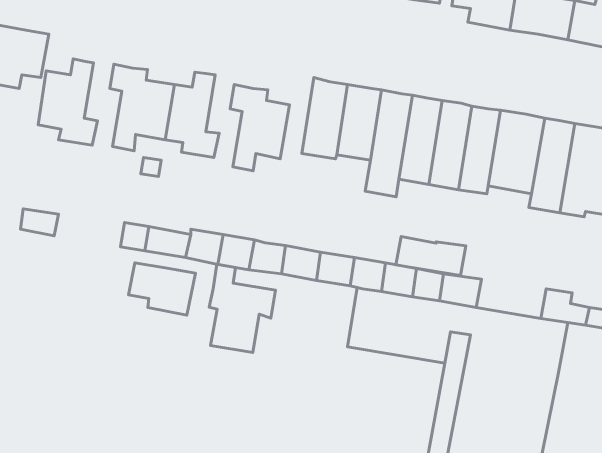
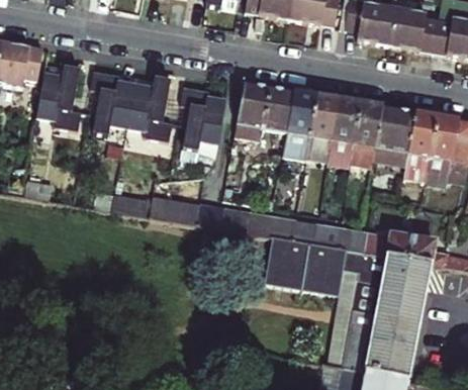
building: [396,236,466,276] -> [365,231,417,261]
building: [129,263,196,315] -> none
building: [209,264,275,352] -> none

